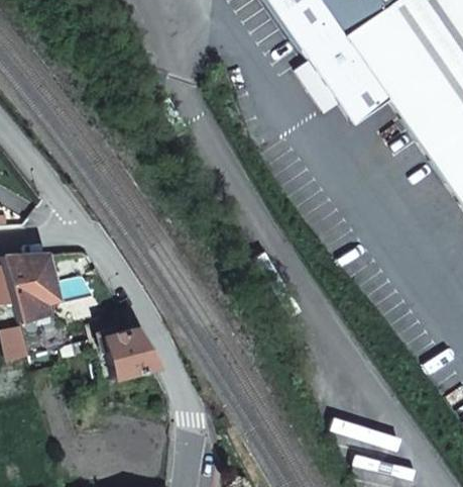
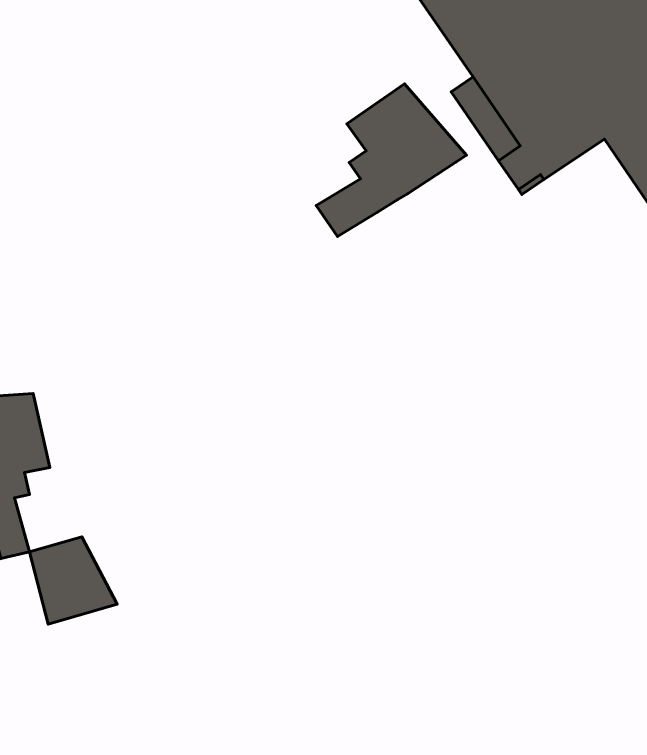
building: none -> [316,84,467,237]
building: [106,323,158,376] -> [30,537,117,624]

